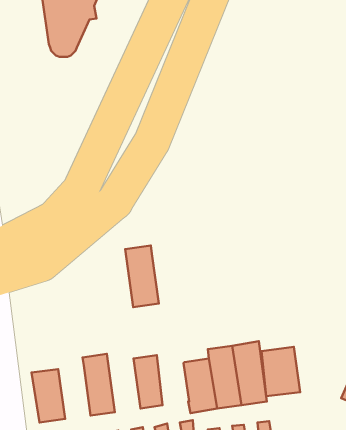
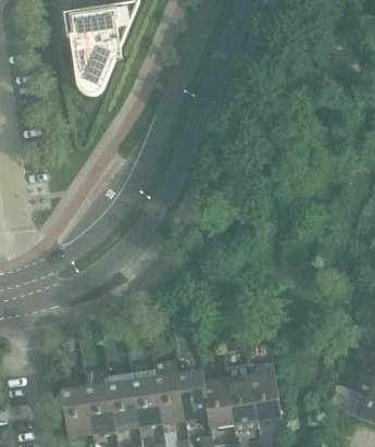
building: [125,246,159,307] -> [132,369,163,426]
building: [262,347,300,396] -> none
building: none -> [178,370,209,420]
building: none -> [86,383,116,433]

